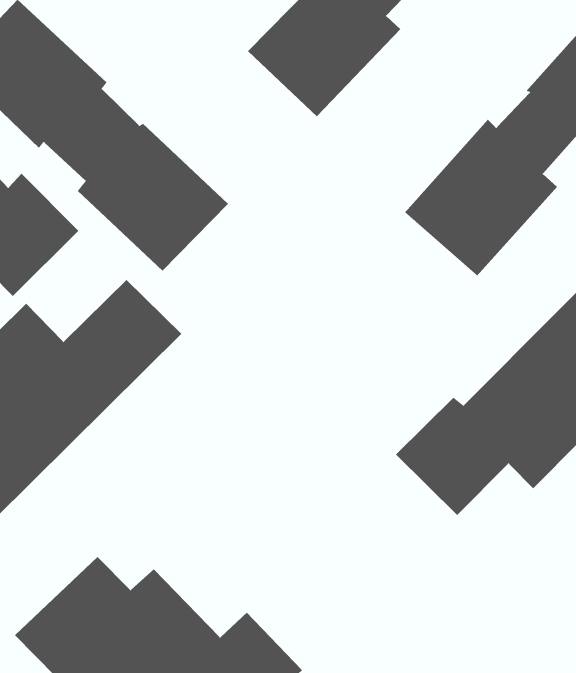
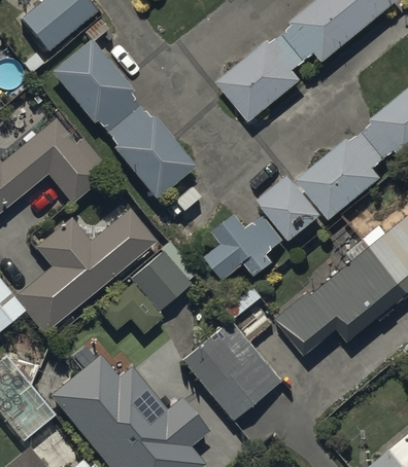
building: none -> [203,176,322,283]
building: none -> [107,252,190,335]
building: none -> [178,317,281,421]

